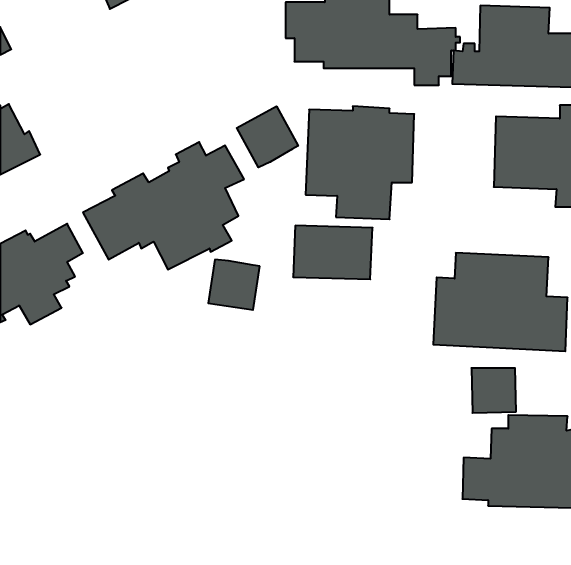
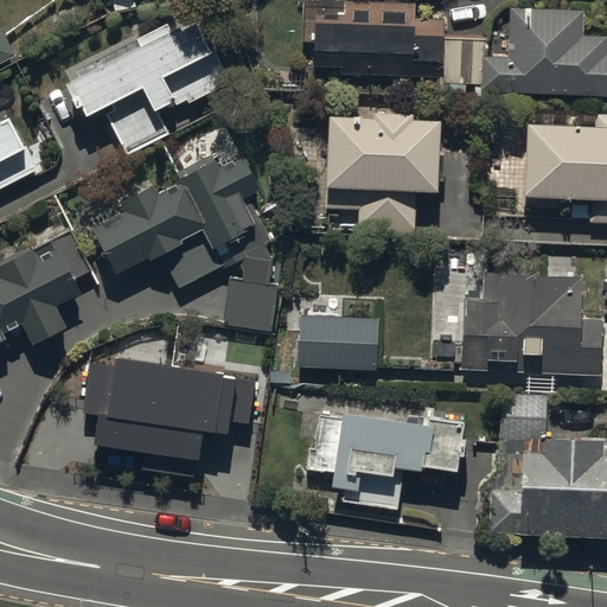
building: none -> [65,5,229,152]
building: [237,106,298,167] -> none
building: [293,226,373,279] -> [296,309,381,366]
building: none -> [82,363,257,465]
building: none -> [305,411,464,507]

